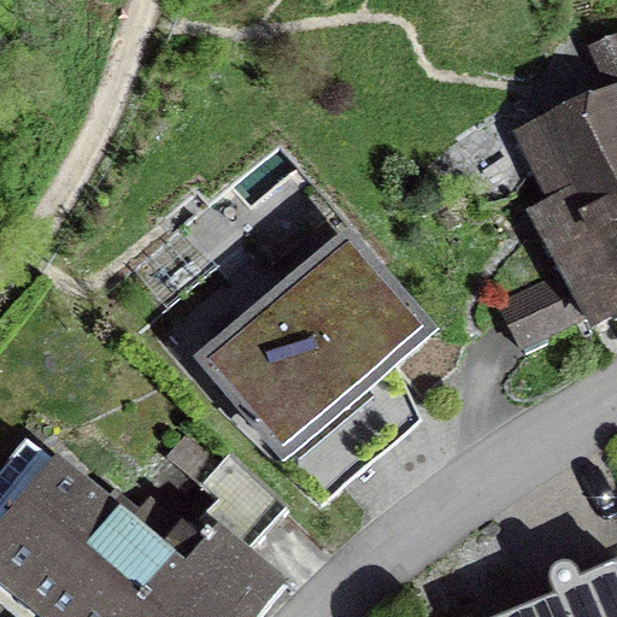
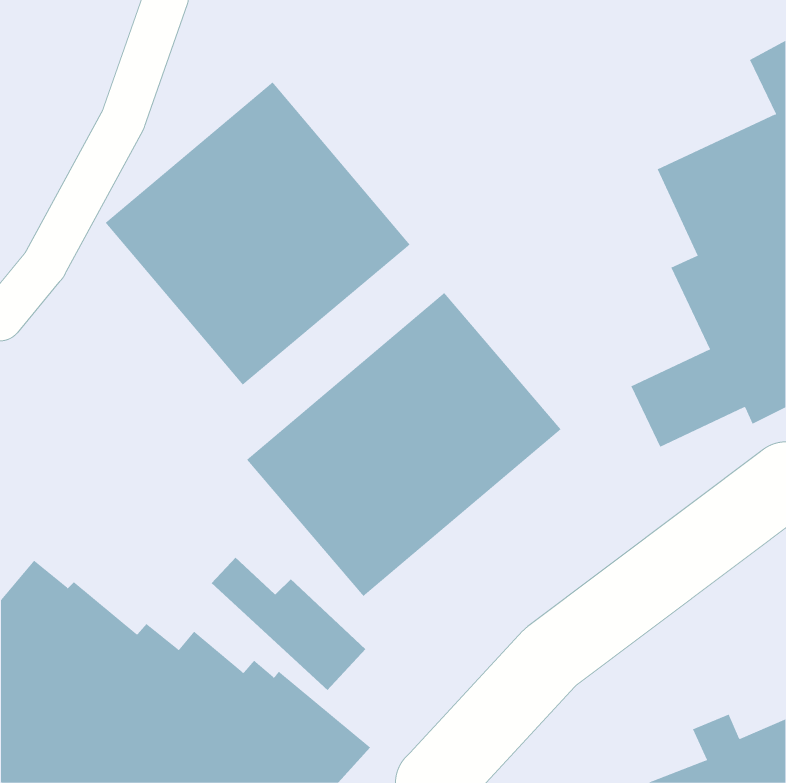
building: none -> [105,81,411,386]

